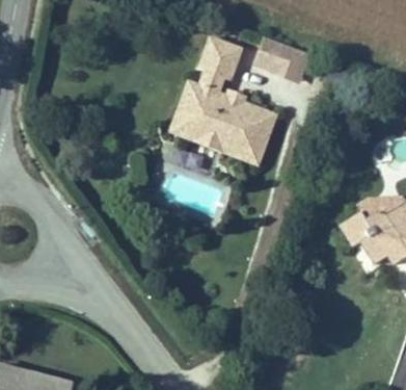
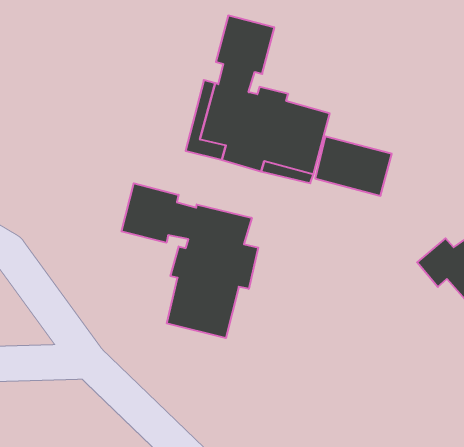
building: [252,34,310,82] -> [315,137,392,196]
building: none -> [122,183,258,338]

